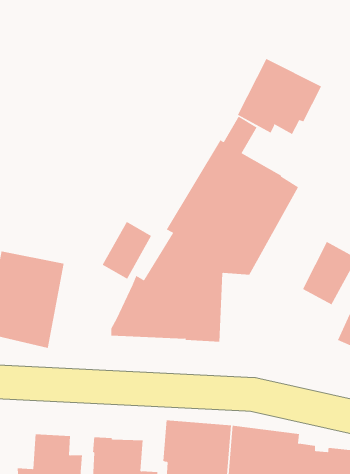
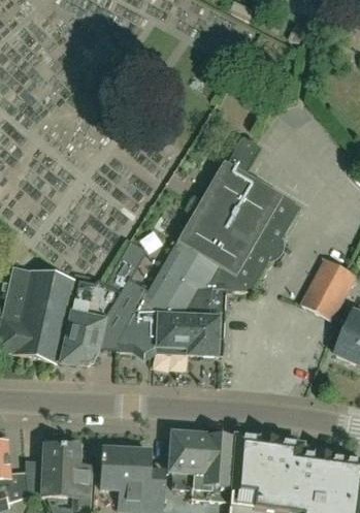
building: [237,58,322,135] -> none
building: none -> [60,280,137,365]

